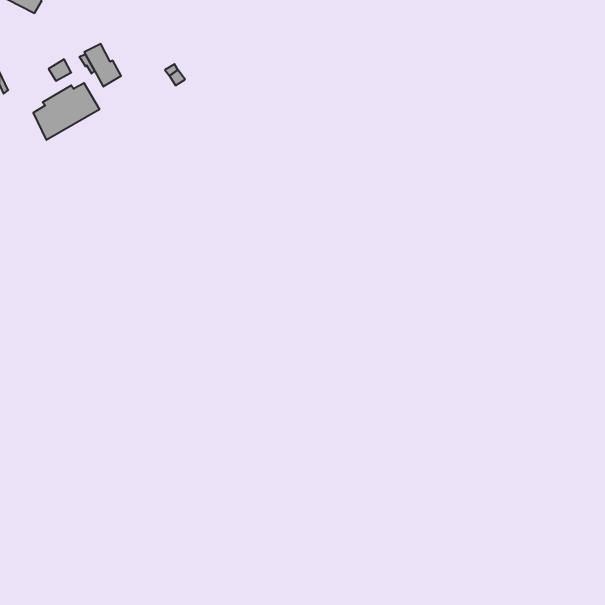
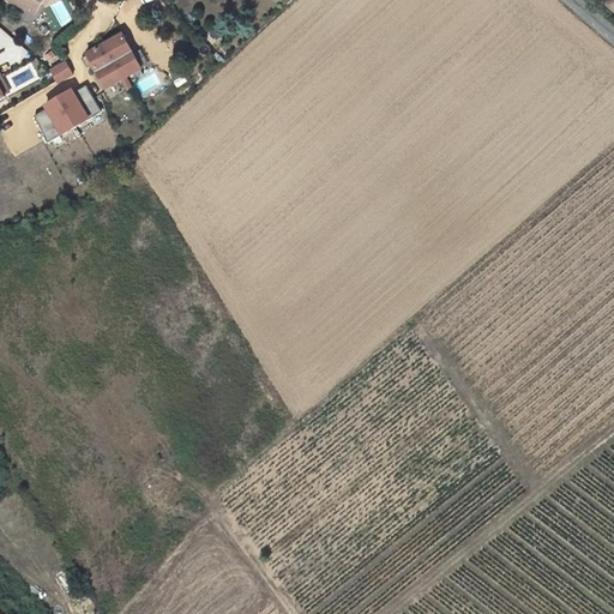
building: none -> [102,34,140,77]

